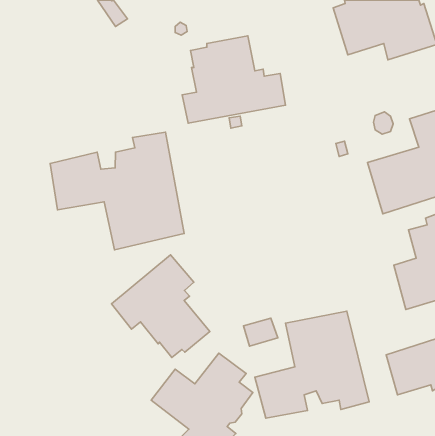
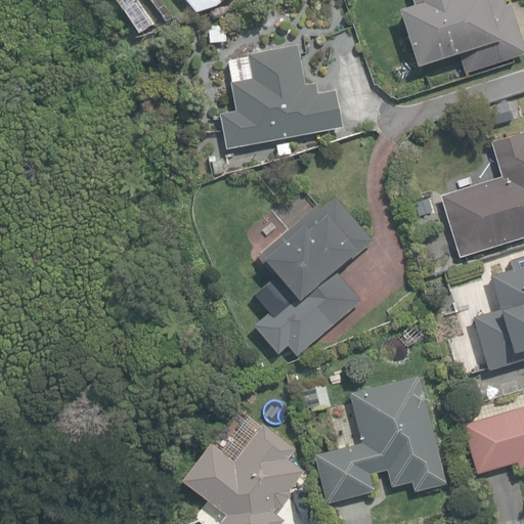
building: [50,132,184,250] -> none
building: none -> [256,198,373,355]
building: [111,255,210,357] -> none

